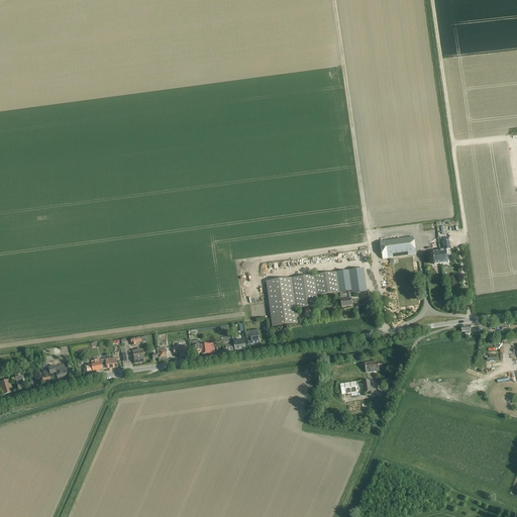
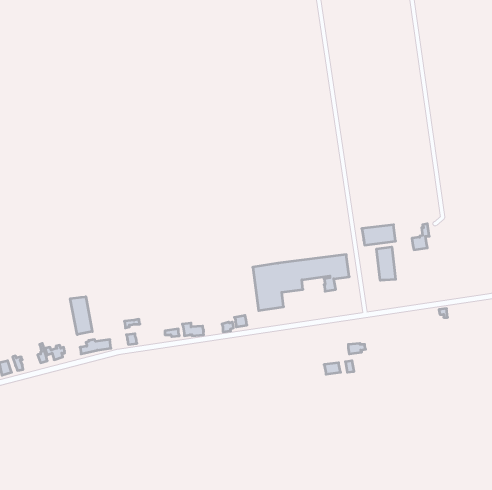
building: none -> [377,247,396,280]
building: none -> [70,297,92,335]

